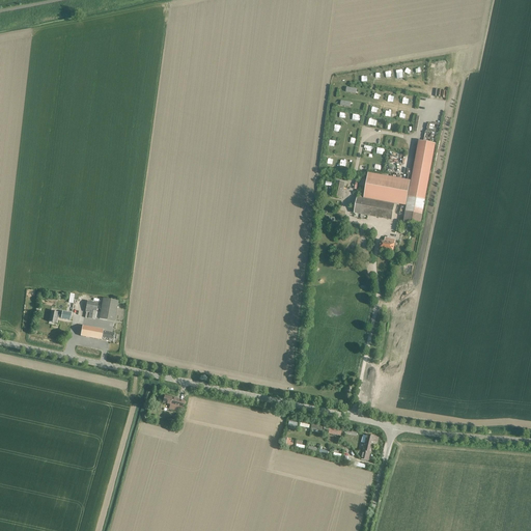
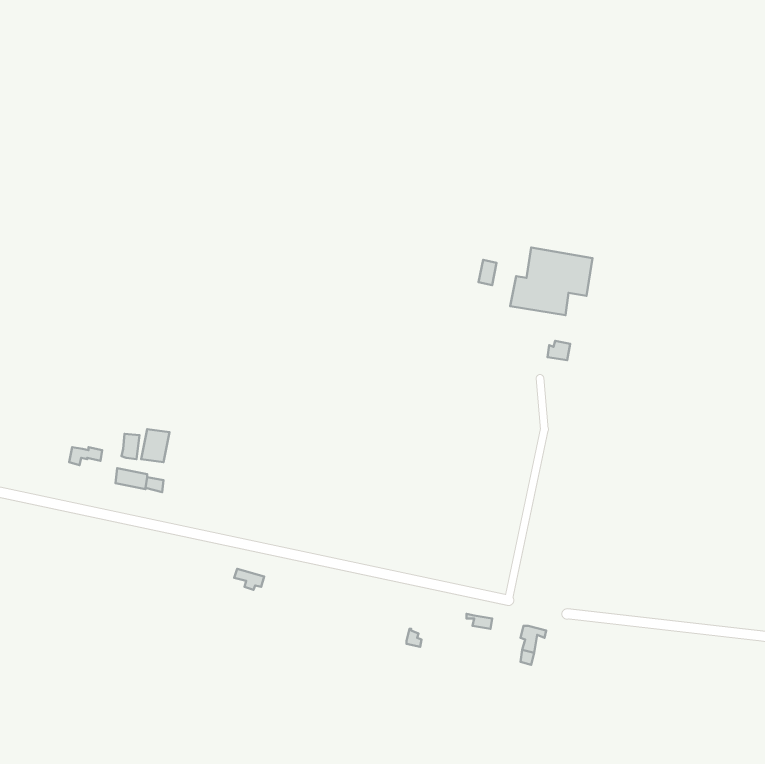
building: [403,139,434,223] -> none

